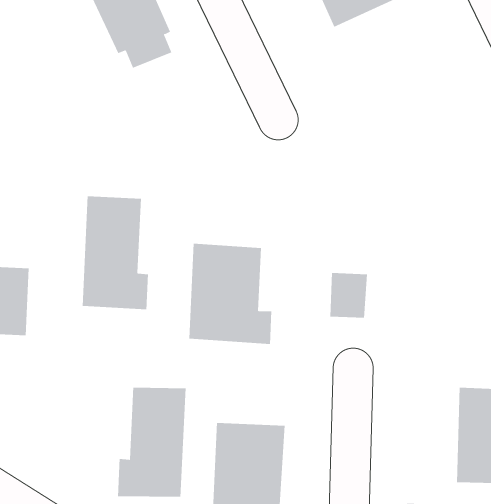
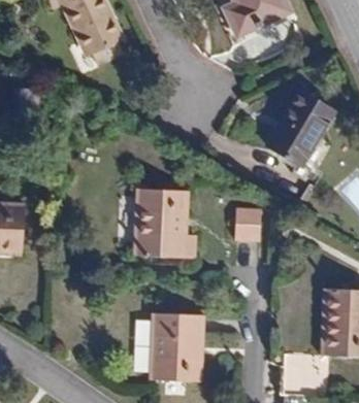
building: none -> [265,90,334,167]
building: [82,196,149,310] -> none
building: [117,387,186,497] -> none

